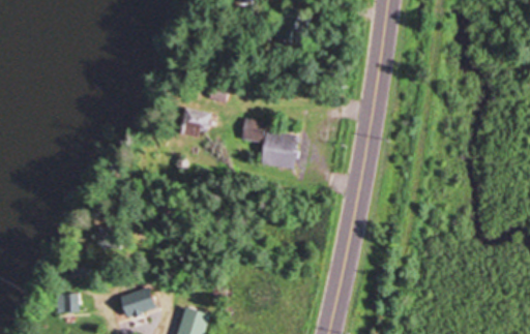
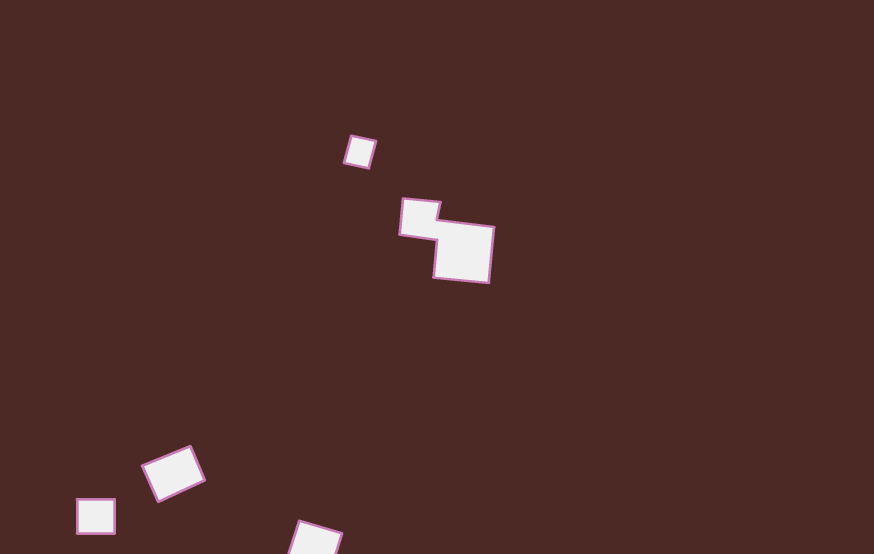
building: [179,108,210,138] -> none
building: [119,286,155,318] -> [142,446,205,502]

